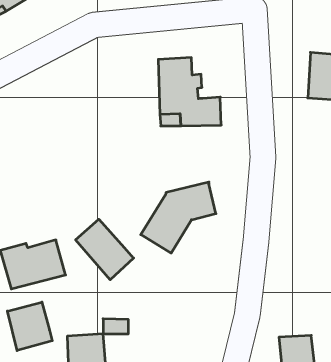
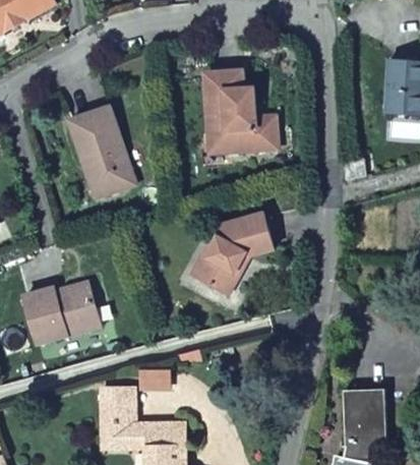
building: none -> [69,103,133,192]
building: [76,219,134,280] -> none
building: [7,302,52,351] -> none

